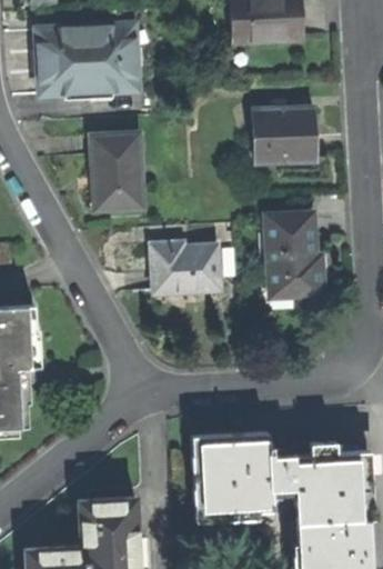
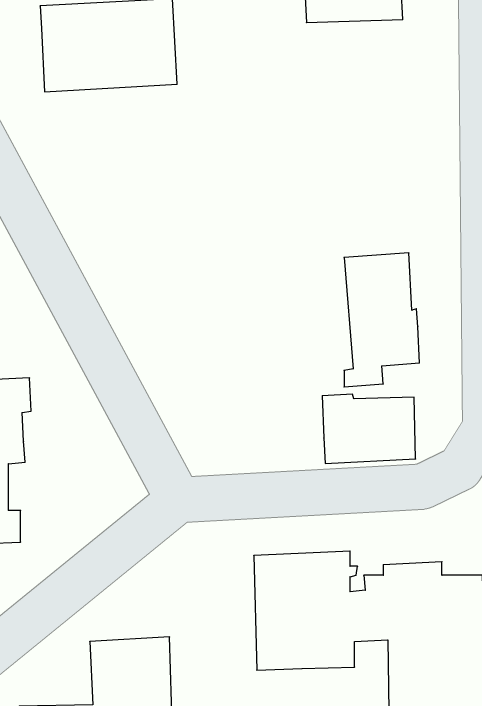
building: [253,107,315,164] -> none
building: [90,131,141,209] -> none
building: [150,242,219,293] -> [322,394,416,463]

